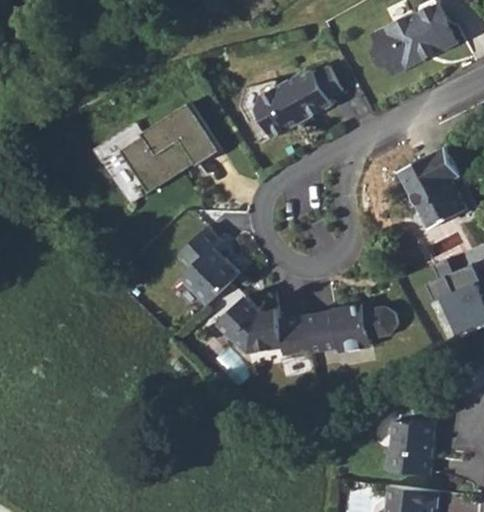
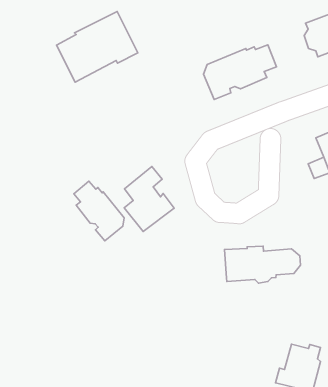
building: [120,104,218,194] -> [57,11,138,82]
building: none -> [74,181,124,241]
building: [221,296,310,354] -> none

